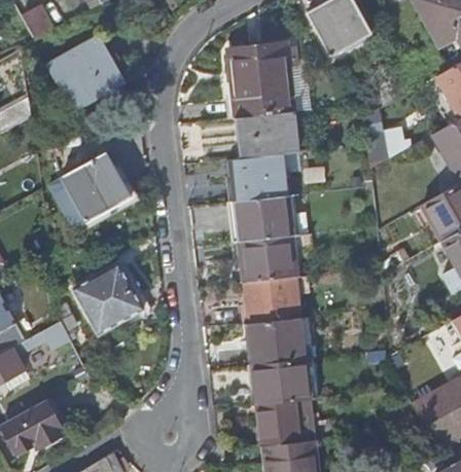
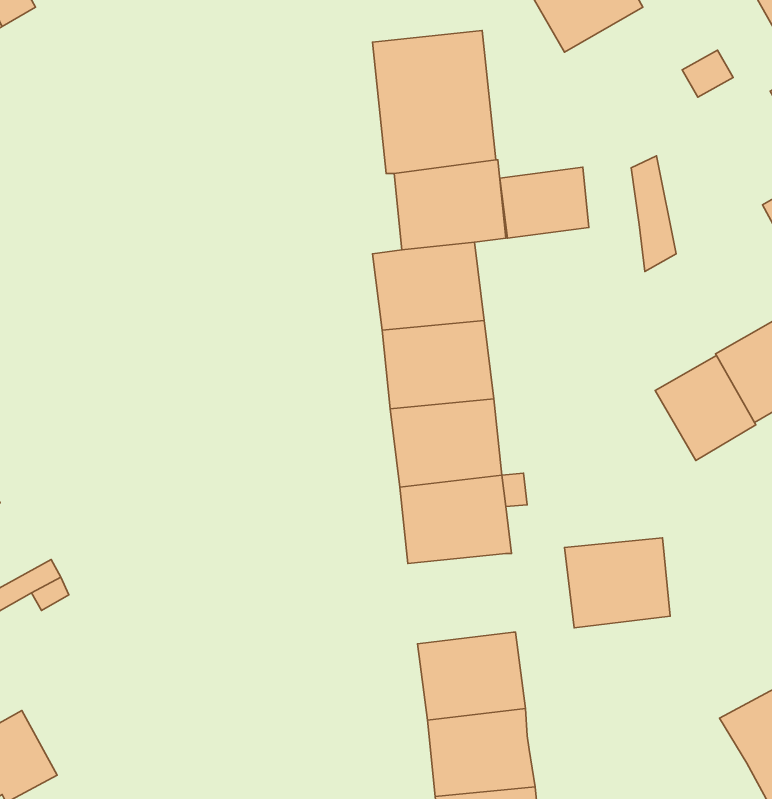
building: [47,37,122,110] -> none
building: none -> [500,167,589,238]
building: [61,152,130,221] -> none
building: none -> [655,356,756,460]
building: [73,263,142,332] -> none
building: [247,317,303,364] -> [564,538,670,628]

